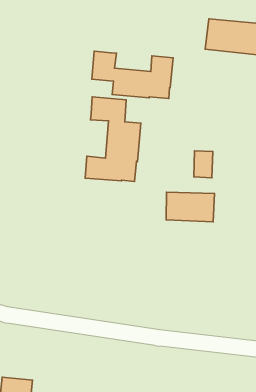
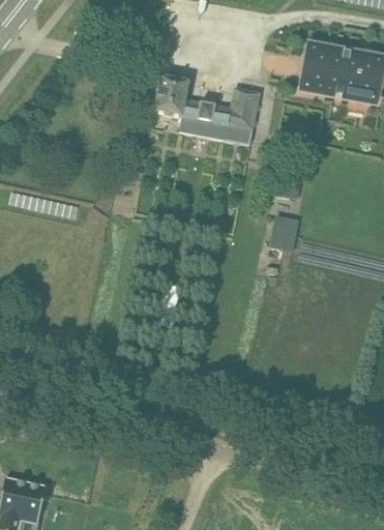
building: [85,97,141,181] -> none
building: [166,192,215,222] -> none

